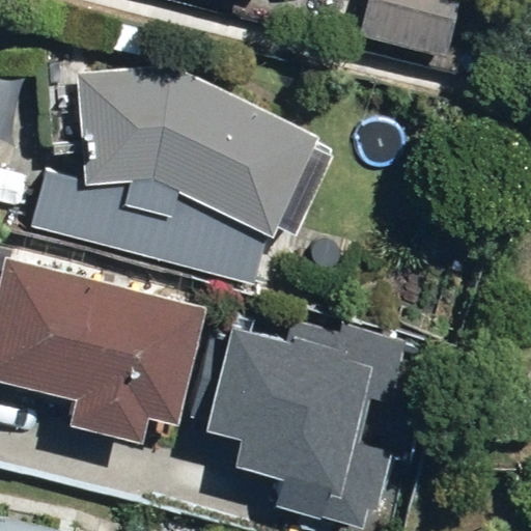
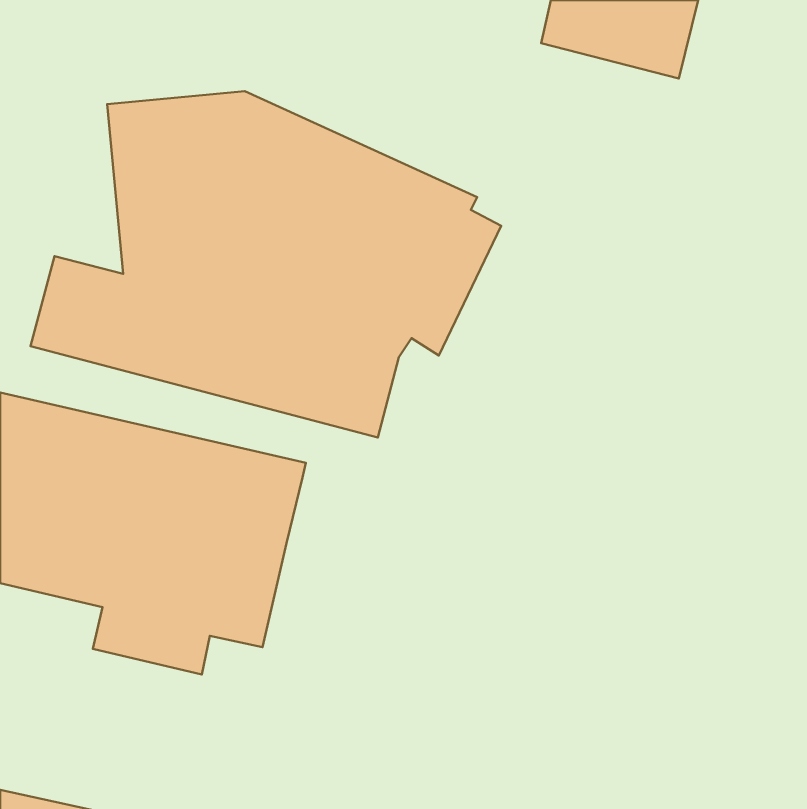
building: [204,297,383,494] -> none

